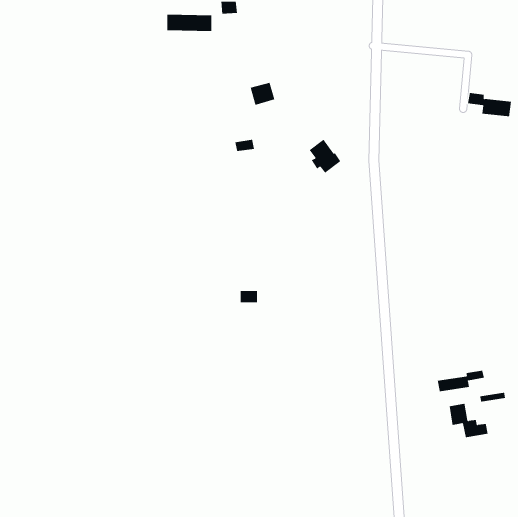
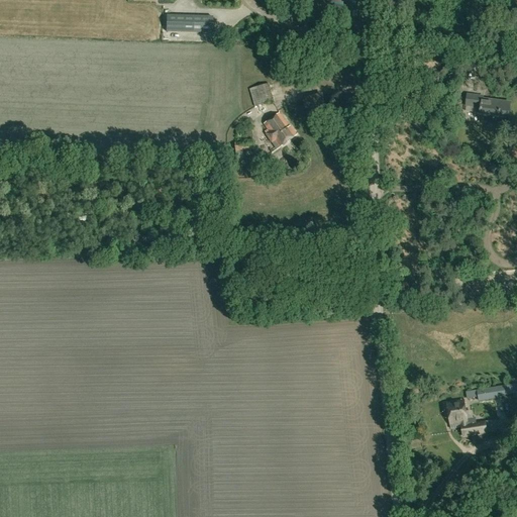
building: [309,139,341,173] -> [263,111,295,145]
building: [437,370,484,392] -> none

